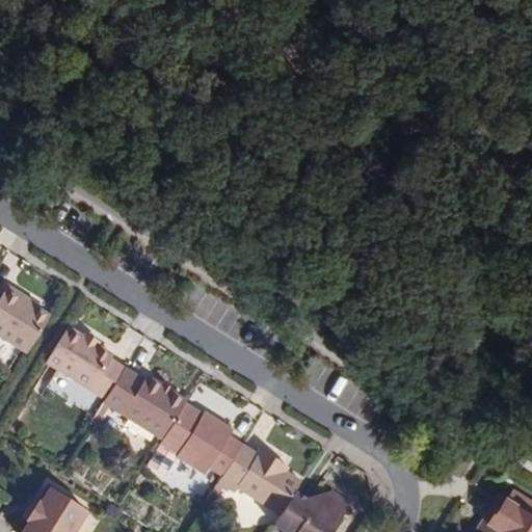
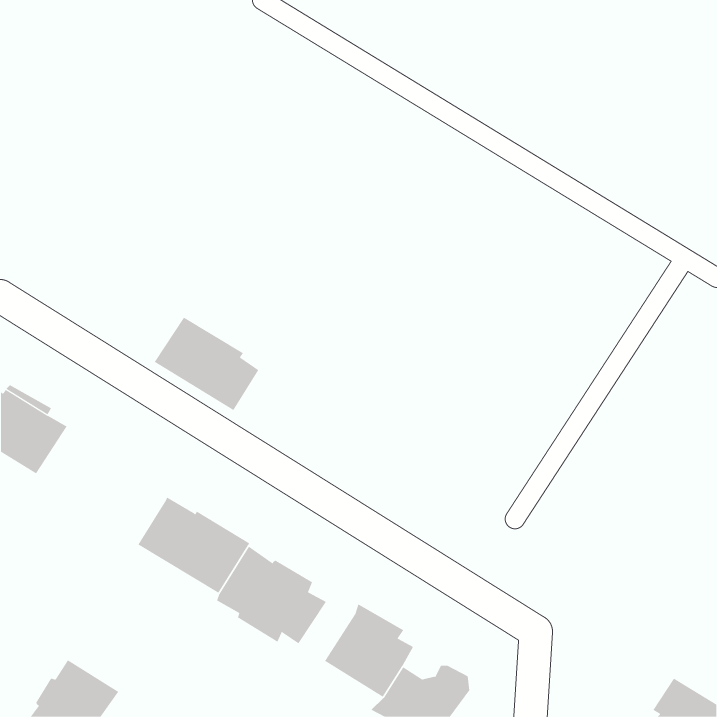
building: [45,330,123,400] -> [154,317,259,411]
building: [221,442,263,493] -> none

